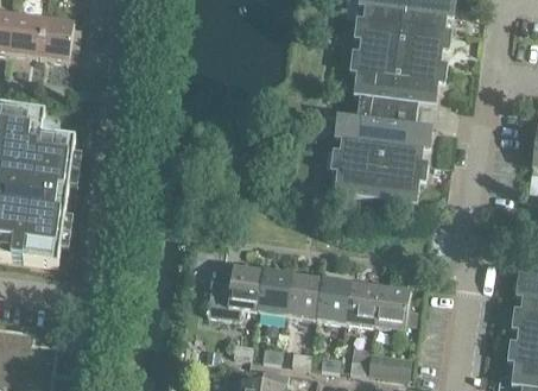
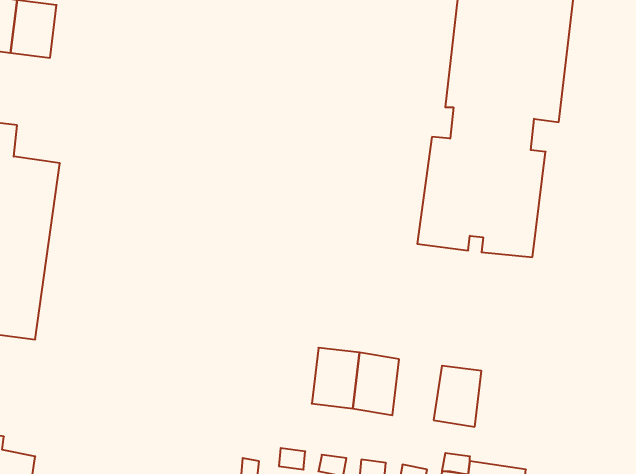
building: [213,263,264,319] -> none
building: [316,278,352,322] -> none
building: [375,286,411,330] -> none

